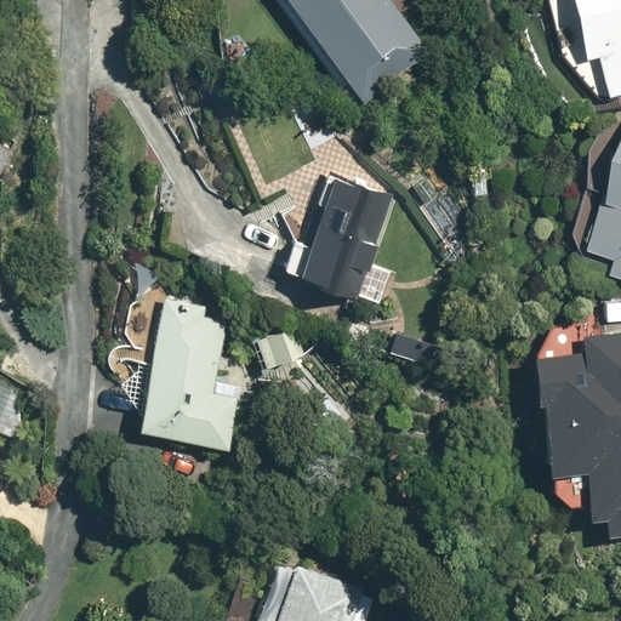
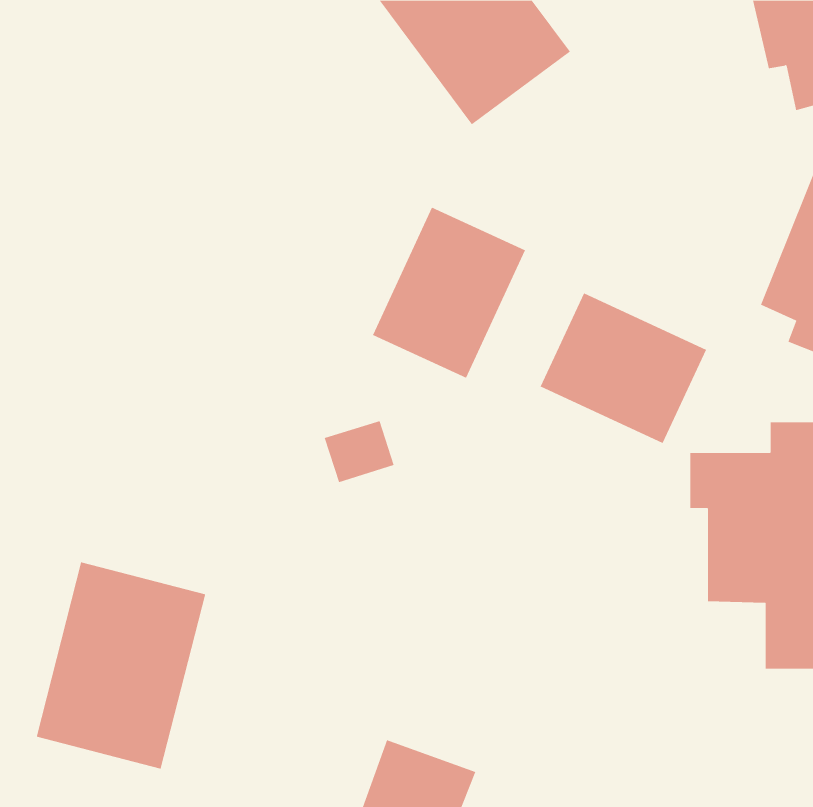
building: none -> [540,292,707,444]
building: [135,303,262,455] -> none
building: none -> [36,561,206,769]

